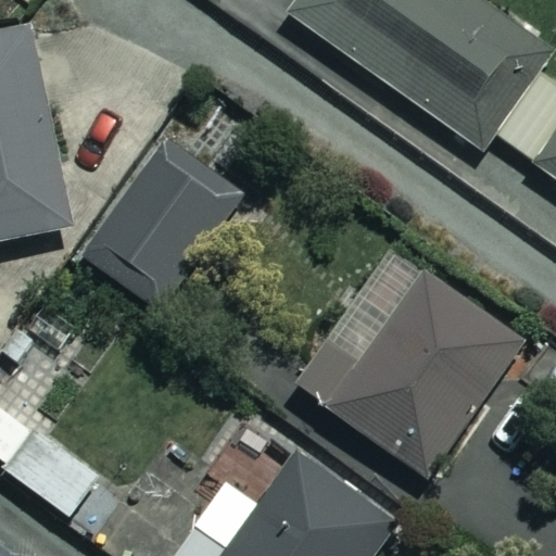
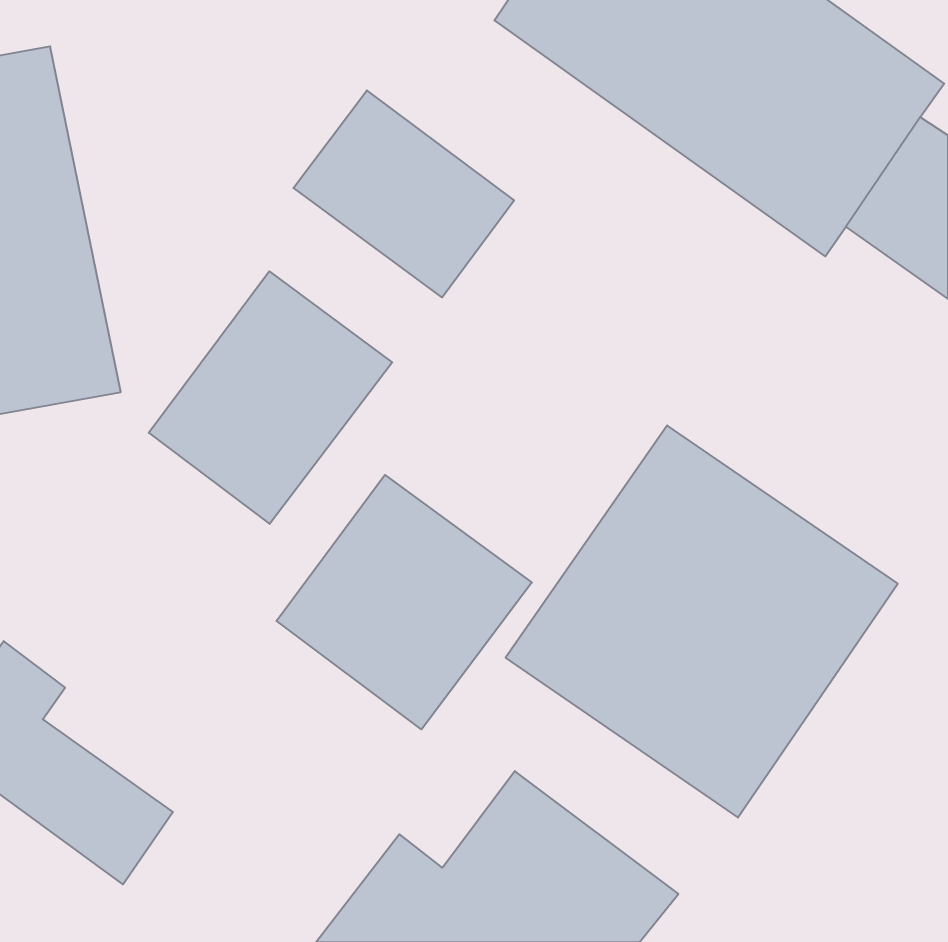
building: none -> [293,90,514,297]
building: none -> [276,475,532,729]

